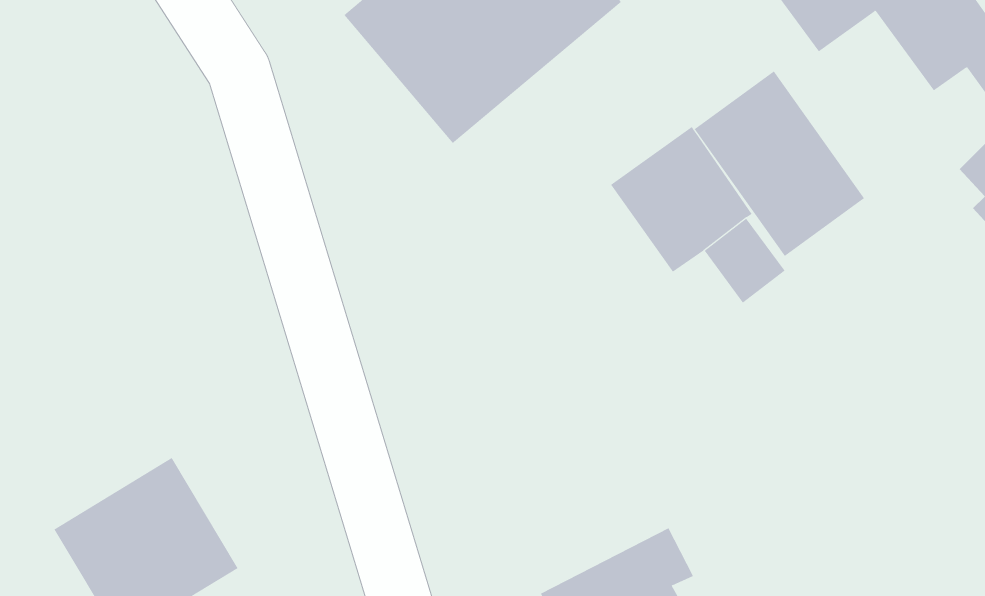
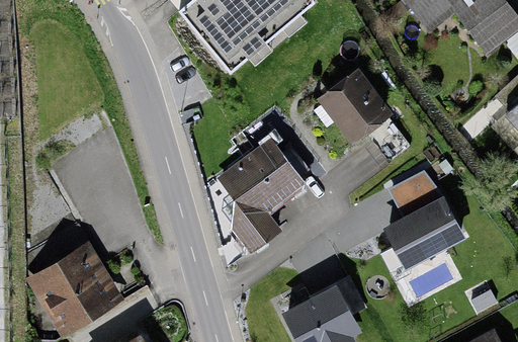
building: [694,71,865,257] -> none
building: none -> [218,136,308,256]
building: none -> [387,170,461,264]

